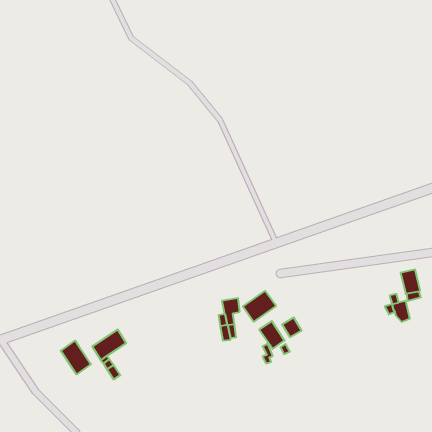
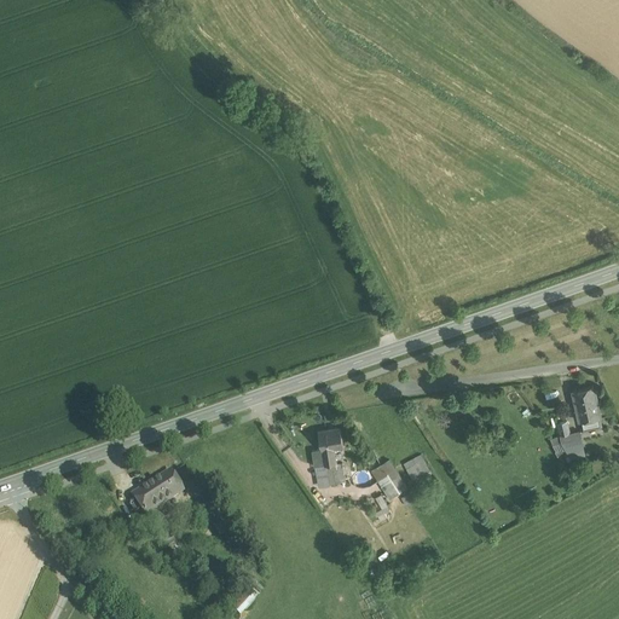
building: [243,291,276,322] -> none
building: [61,341,91,374] -> none

